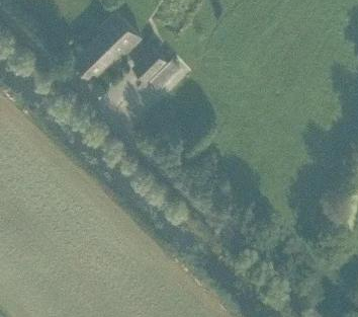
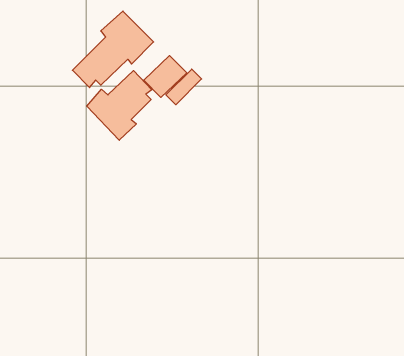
building: none -> [87,71,152,140]

